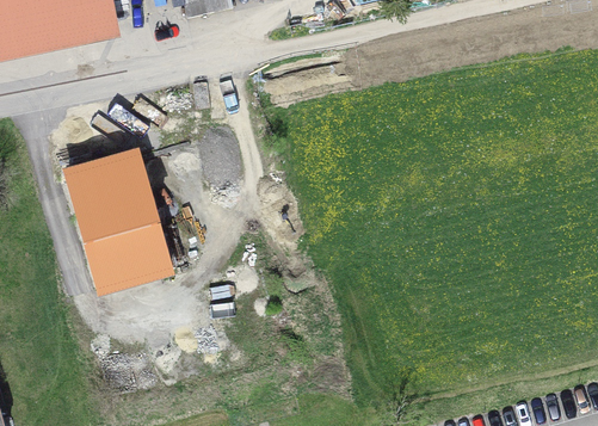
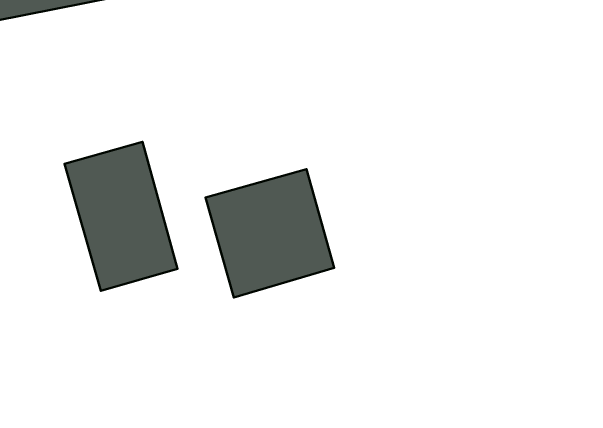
building: none -> [206,169,334,297]

